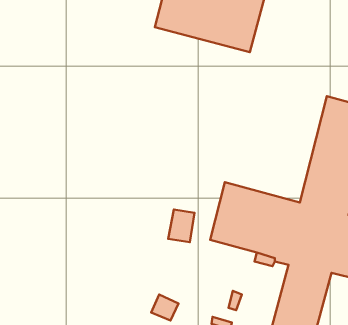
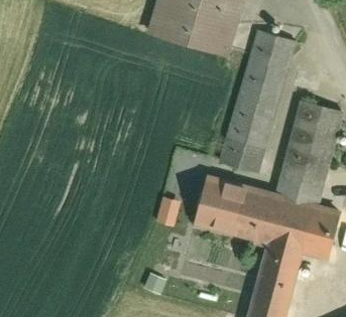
building: none -> [215,30,297,179]

